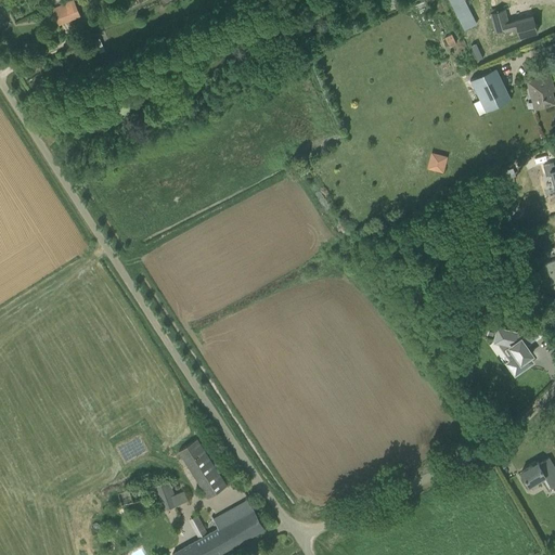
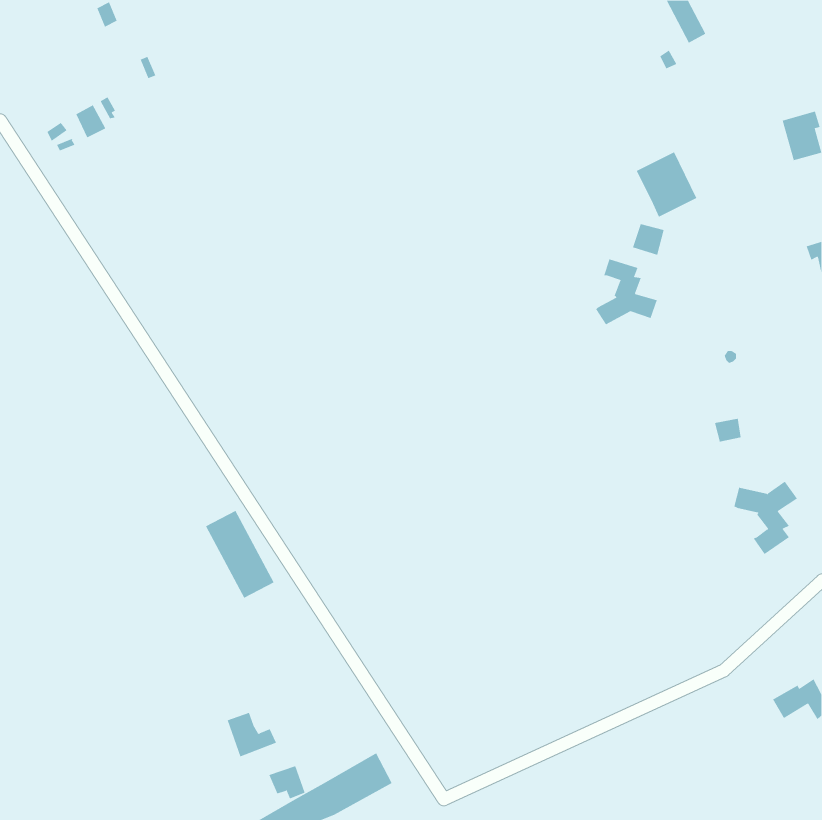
building: [490,10,538,38] -> none
building: [469,68,511,113] -> [636,152,697,218]
building: none -> [595,259,657,325]
building: [181,439,228,499] -> [205,510,274,599]

